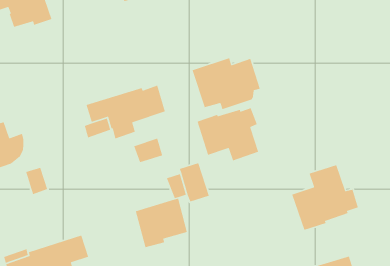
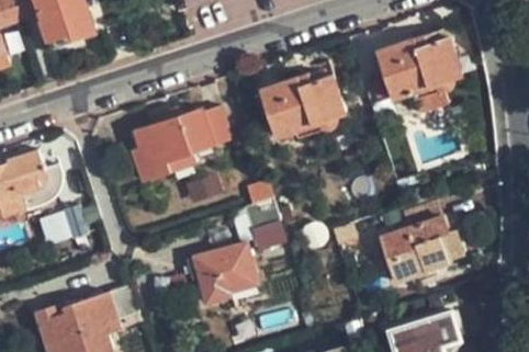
building: none -> [375,36,461,100]
building: [196,107,259,162] -> none

